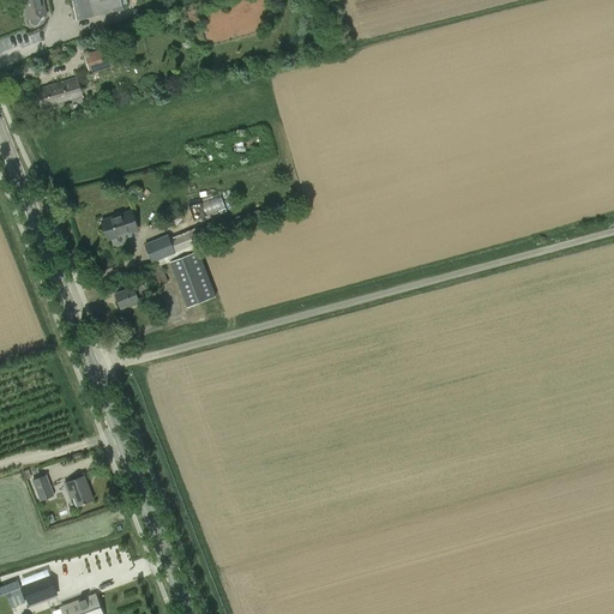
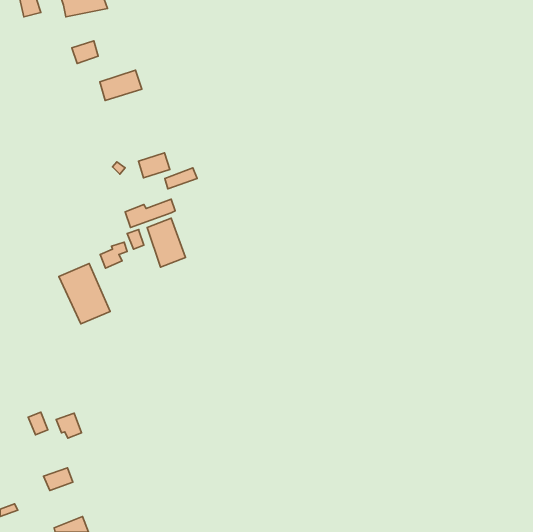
building: [36,76,84,110] -> [100,70,142,101]
building: [102,211,138,240] -> [138,153,170,178]
building: none -> [59,264,110,324]
building: [23,576,56,602] -> [44,468,73,491]

